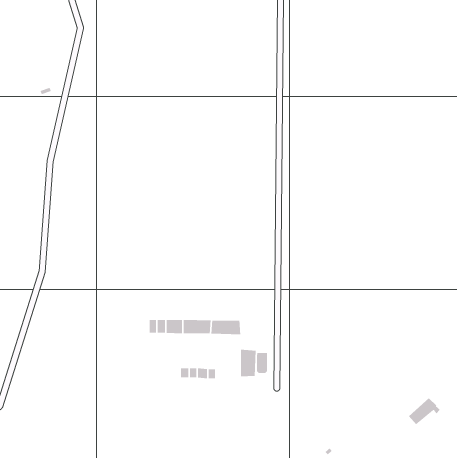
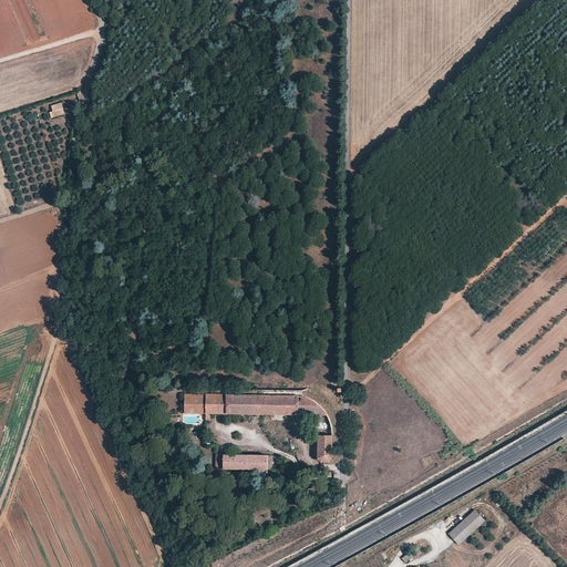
building: [240,349,256,377] -> none
building: [408,397,441,425] -> [447,509,487,544]

